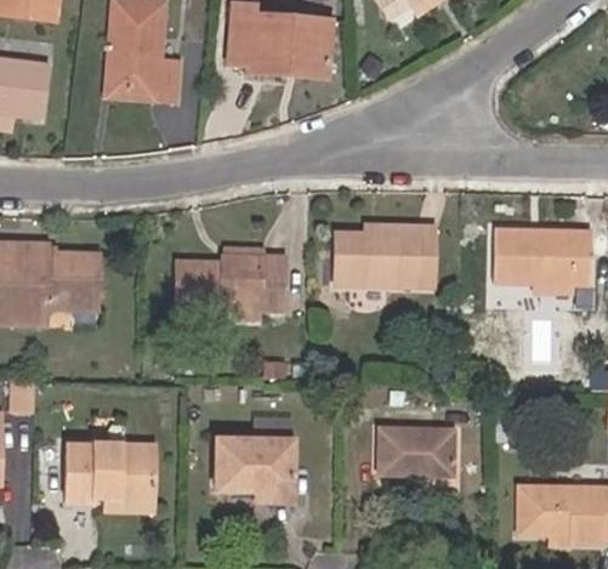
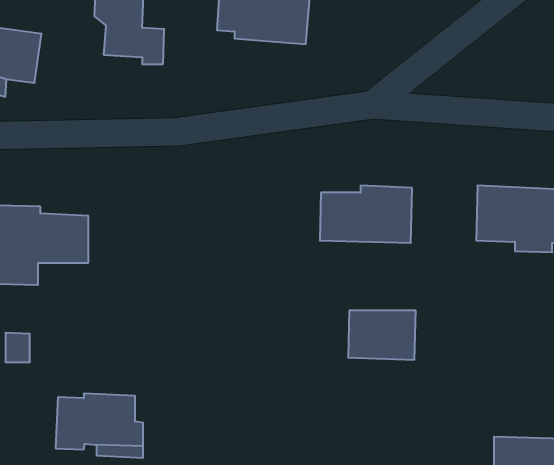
building: [181,256,282,305] -> none
building: [380,425,450,476] -> [348,311,416,360]
building: [216,448,290,502] -> none

